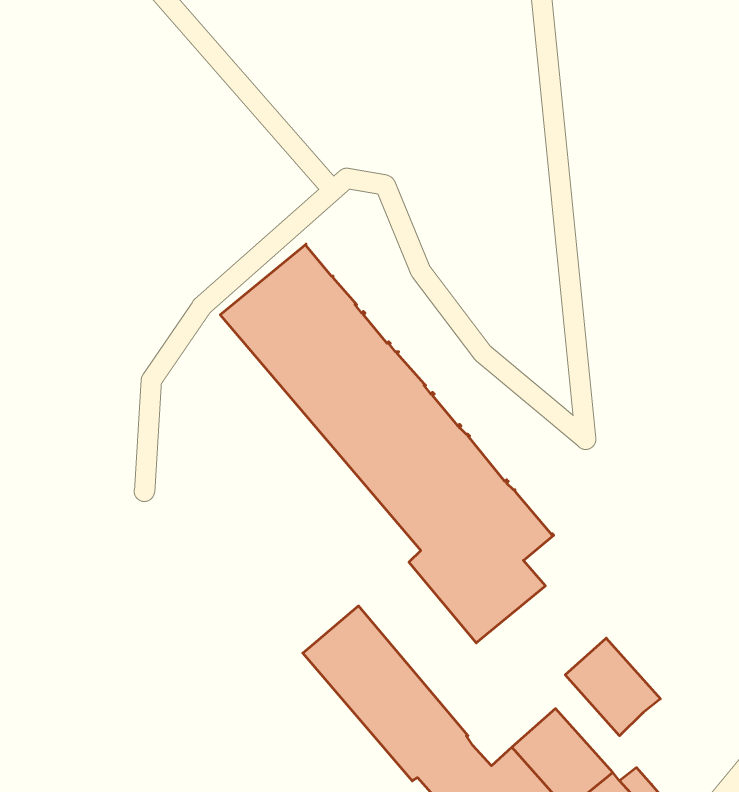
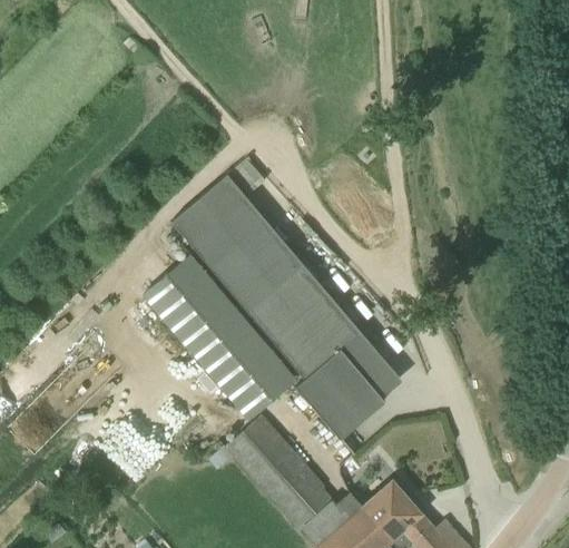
building: none -> [144,255,297,420]
building: [565,638,660,736] -> none

